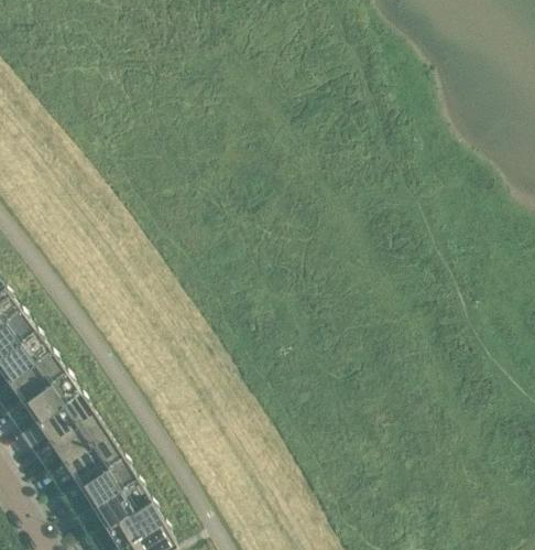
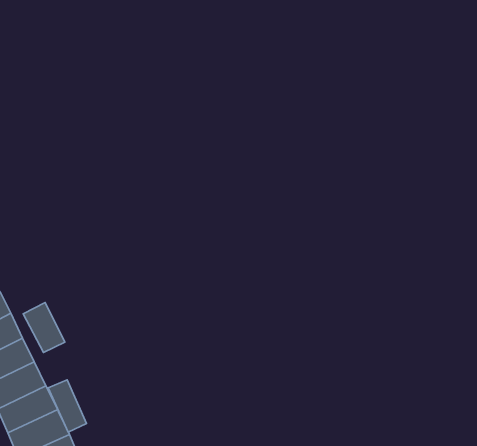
building: none -> [23,303,65,352]
building: none -> [48,380,86,432]

